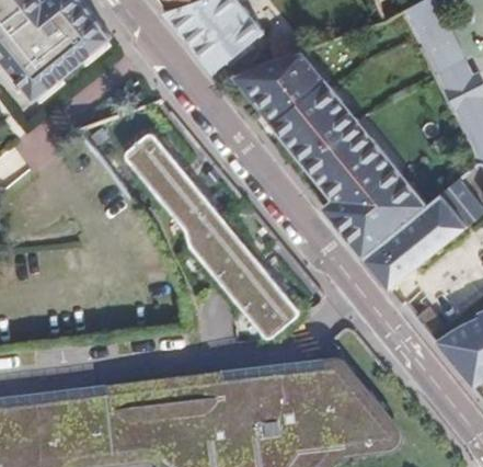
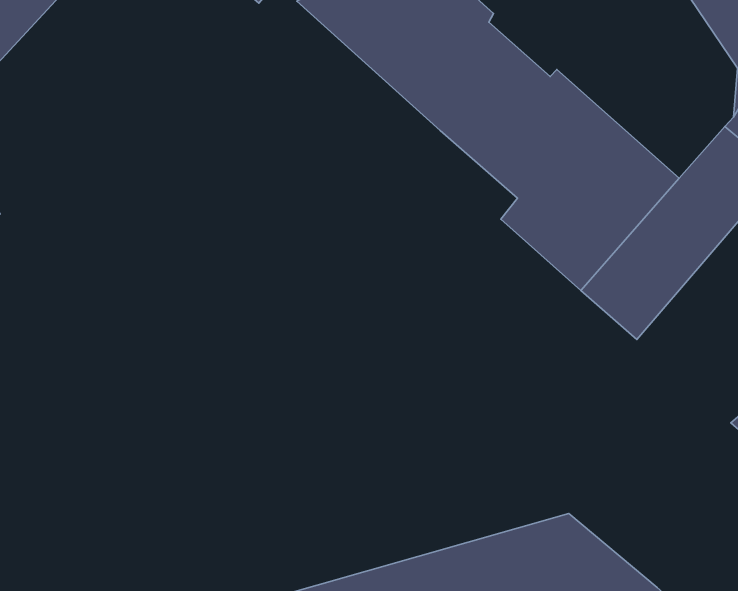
building: [128,138,296,338] -> none

